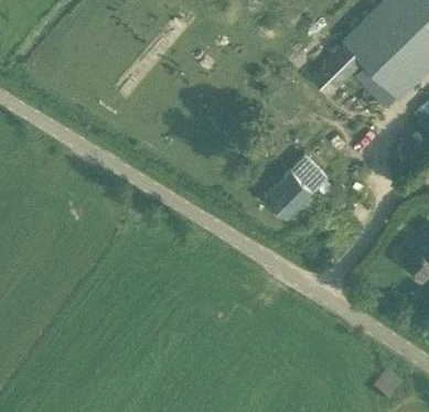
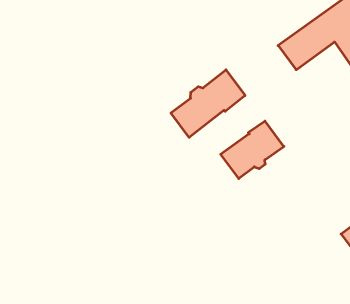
building: none -> [171,70,245,137]

